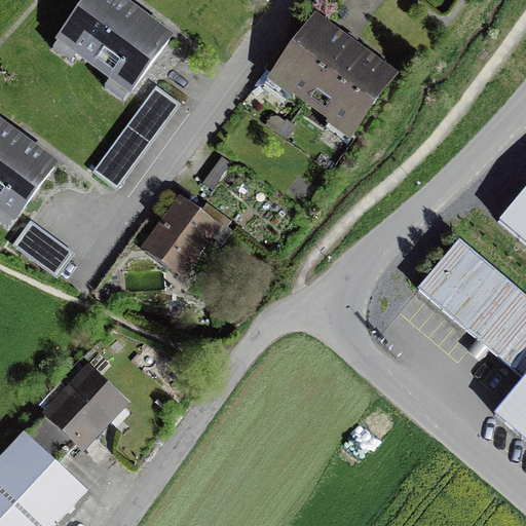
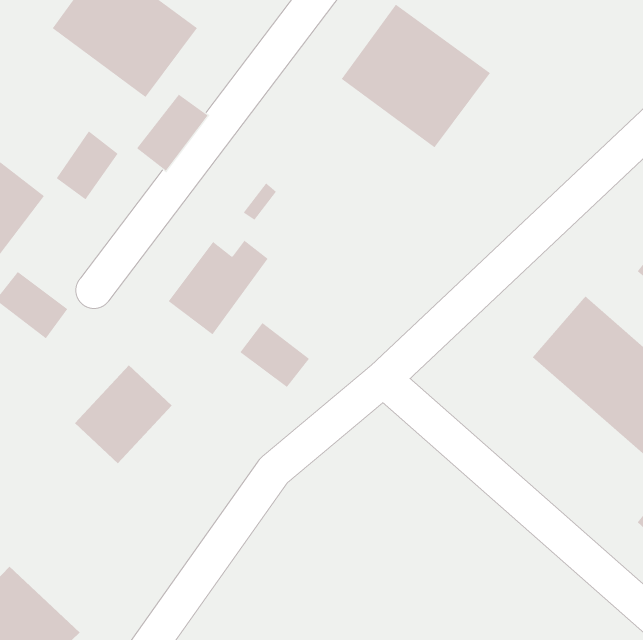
building: [98,128,145,181] -> [56,131,118,200]
building: none -> [240,322,310,388]
building: [51,371,125,446] -> [74,365,173,464]

